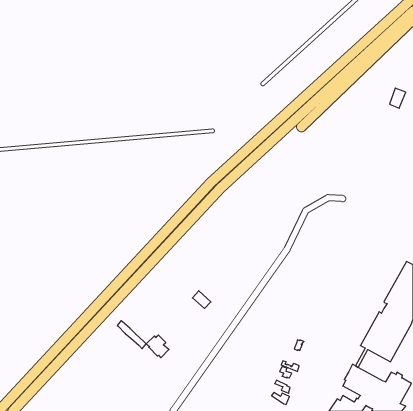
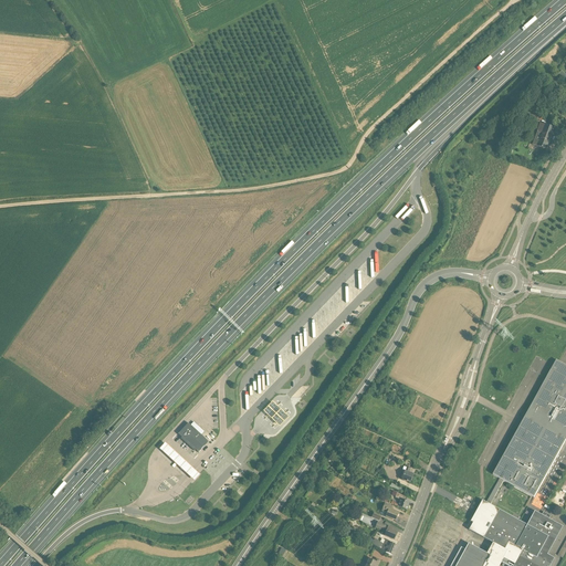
building: [146,335,169,358] -> [178,420,209,451]

